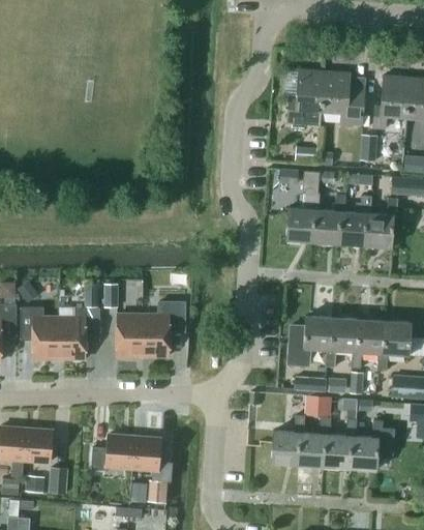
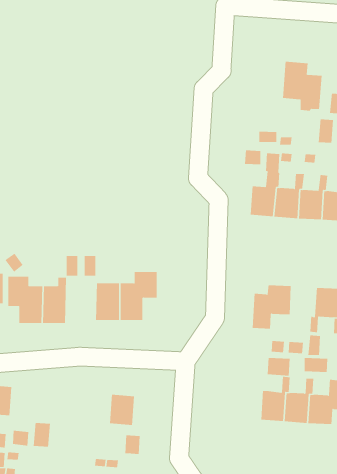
building: [289,69,325,125] -> none
building: [326,318,359,367] -> none
building: [271,415,305,465] -> none
building: [24,429,53,463] -> none
building: [91,435,134,471] -> none

